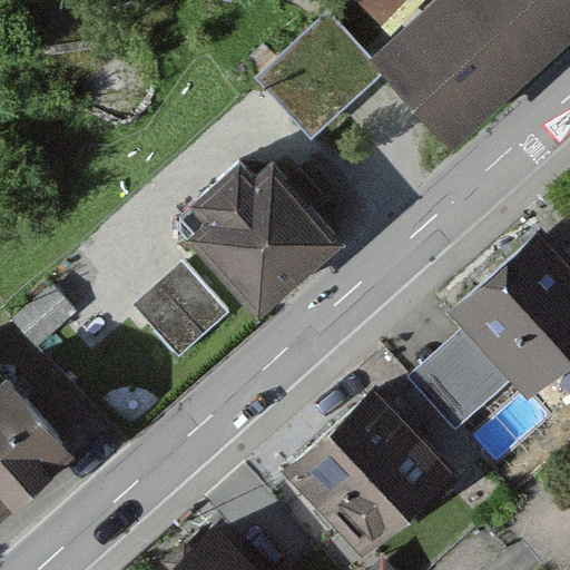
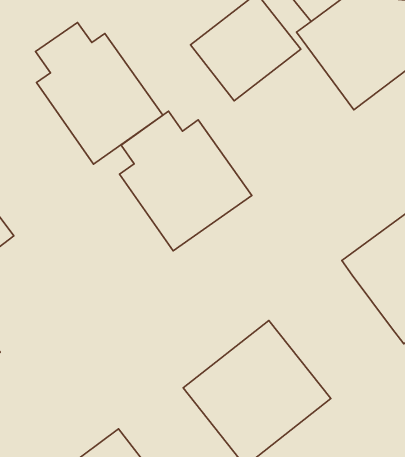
building: none -> [35,23,163,164]
building: [135,265,232,361] -> none
building: [409,325,517,433] -> none

